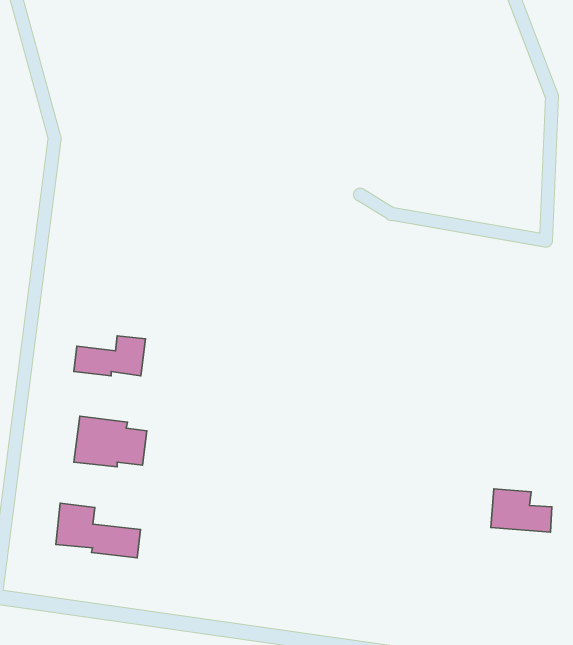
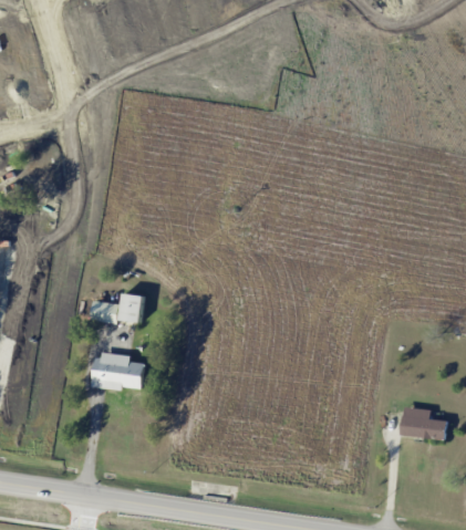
building: [56,503,140,558] -> none

